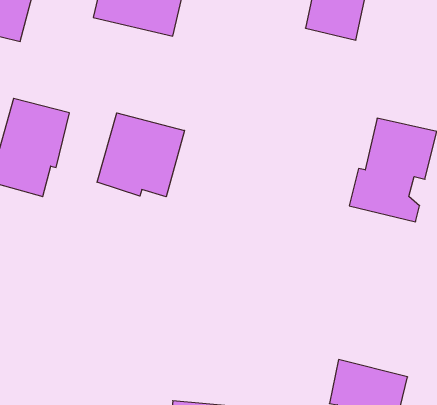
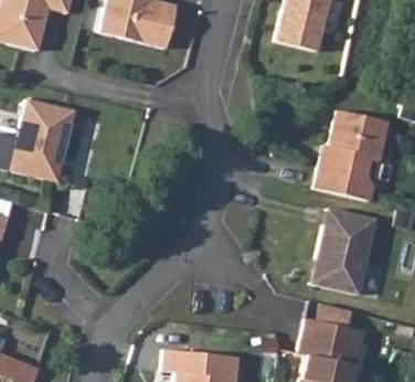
building: [97,113,184,197] -> none
building: none -> [310,209,375,295]

